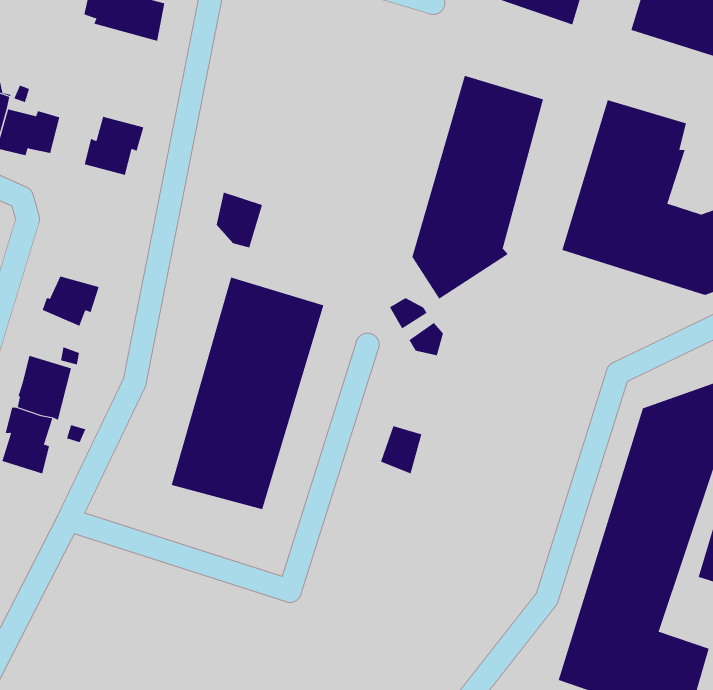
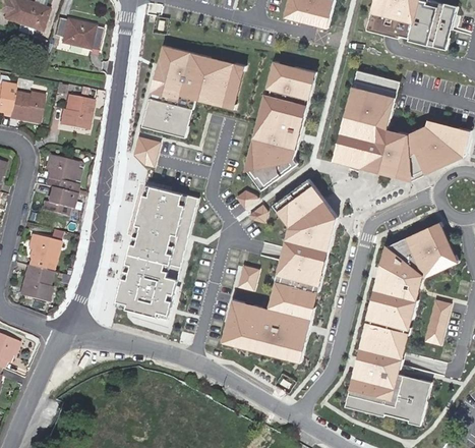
building: none -> [142,45,248,137]
building: none -> [39,155,70,194]
building: none -> [221,176,342,361]

